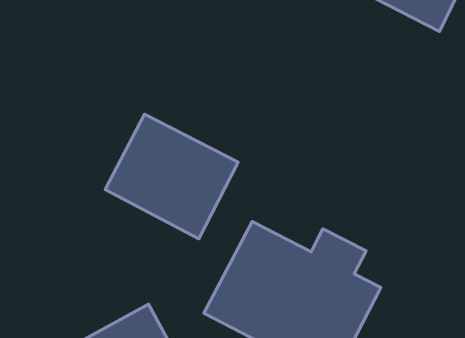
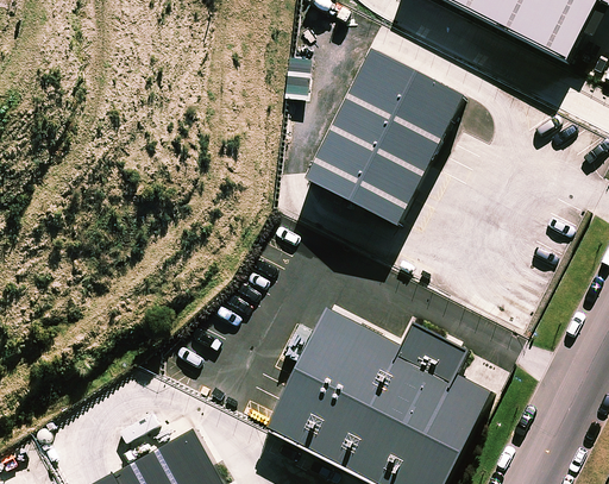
building: none -> [300,46,459,222]
building: [105,114,238,239] -> none

